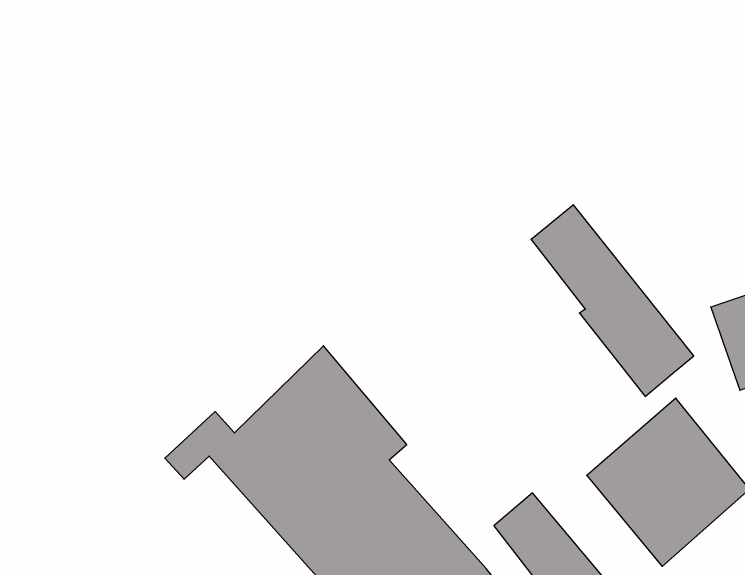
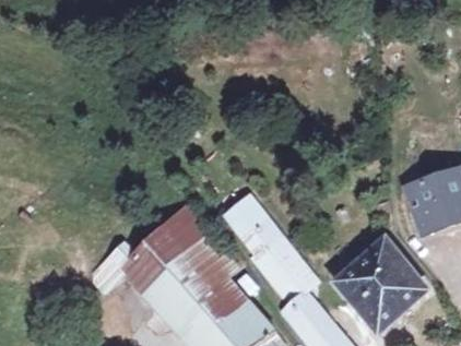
building: [531,205,694,396] -> [225,194,317,302]

